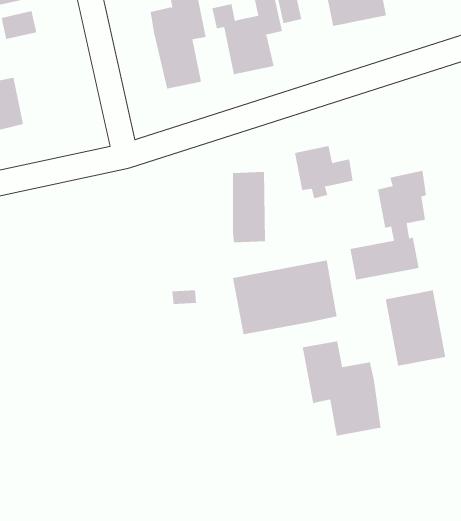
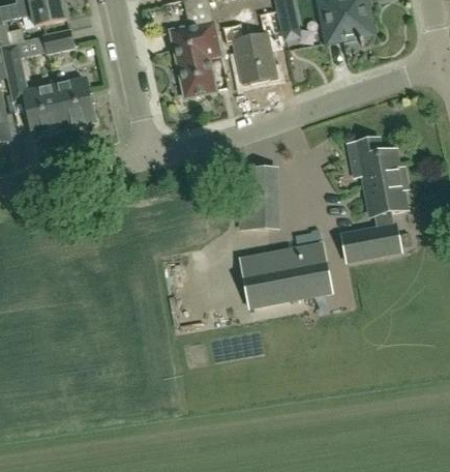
building: none -> [55,80,93,126]
building: [294,146,354,199] -> [349,137,399,182]
building: [385,290,446,367] -> none
building: [302,341,381,436] -> none

